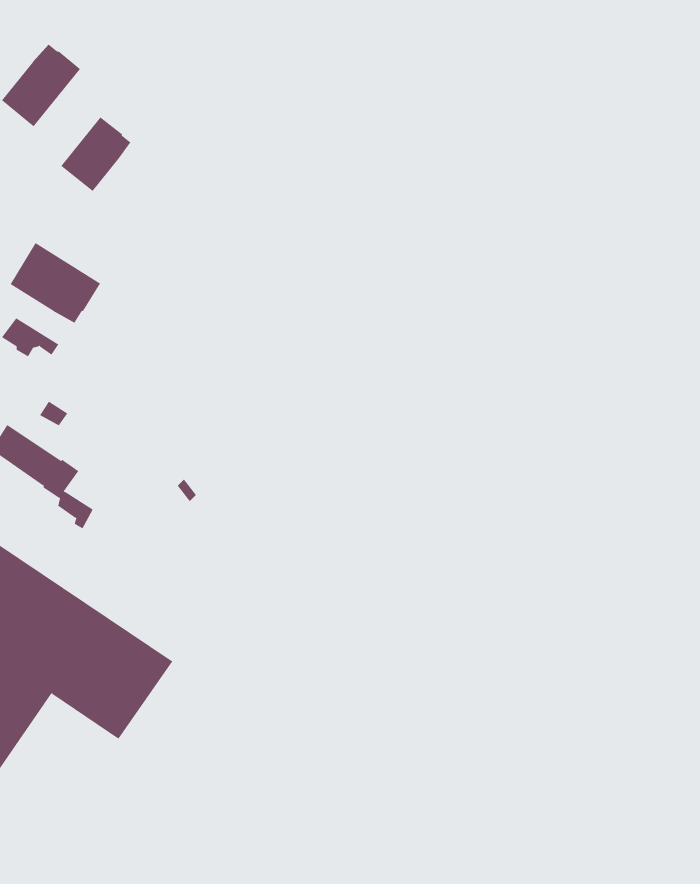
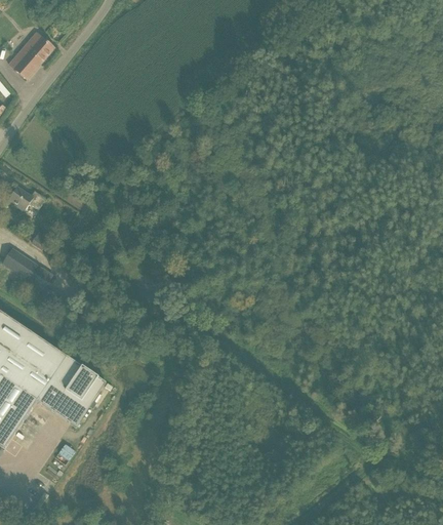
building: [60,117,131,192] -> none
building: [10,242,101,323] -> none

